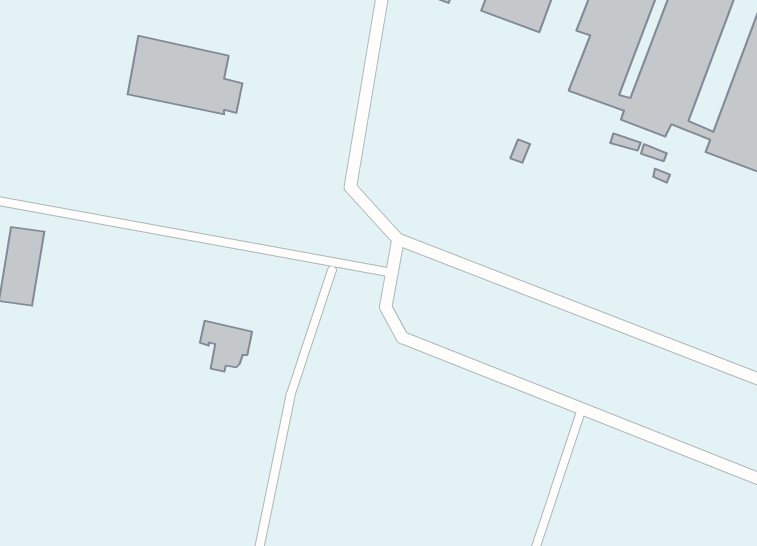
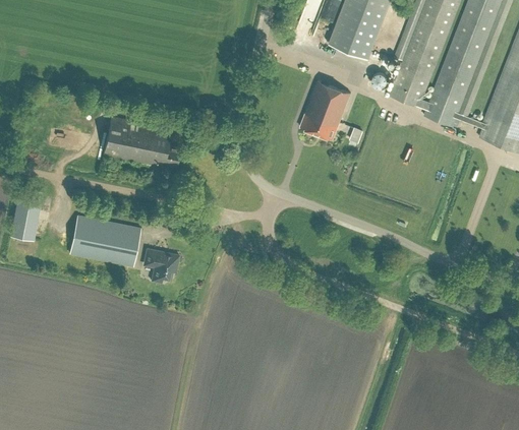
building: [127,36,243,114] -> [103,116,179,168]
building: none -> [299,80,349,139]
building: none -> [69,216,139,265]

